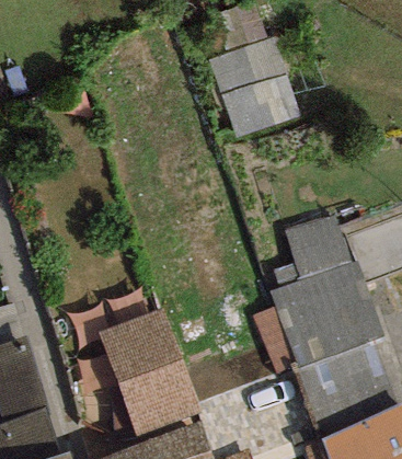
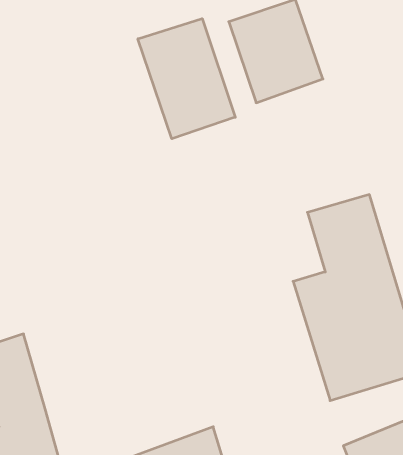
building: none -> [138,19,235,139]
building: [94,308,200,437] -> none

